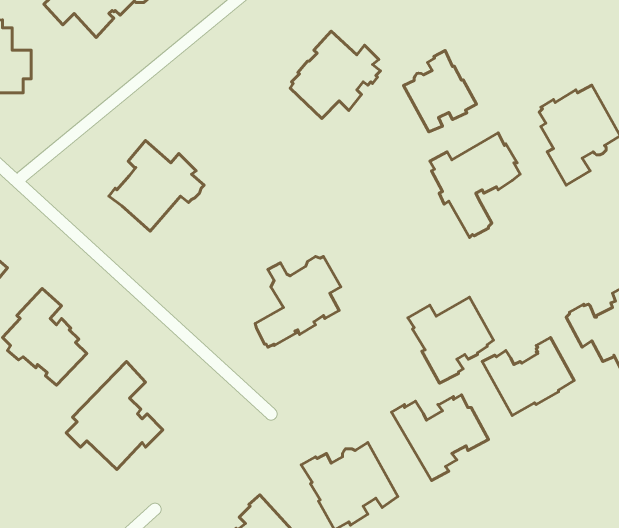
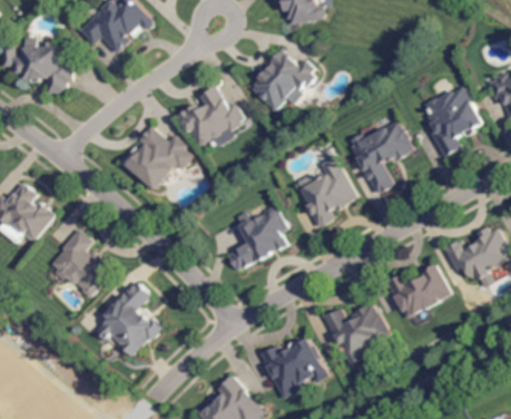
building: [404,50,476,132] -> none
building: none -> [176,85,244,146]
building: [408,297,493,383] -> [296,166,356,226]

